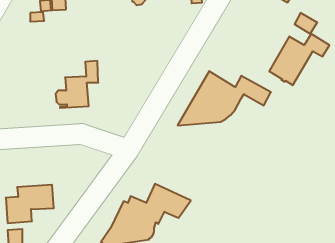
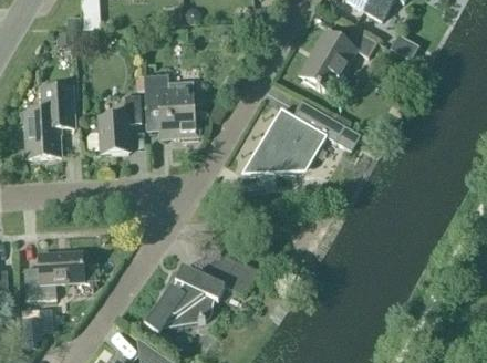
building: [269,34,329,85] -> [300,28,376,93]
building: none -> [143,74,201,136]
building: none -> [23,86,74,157]

